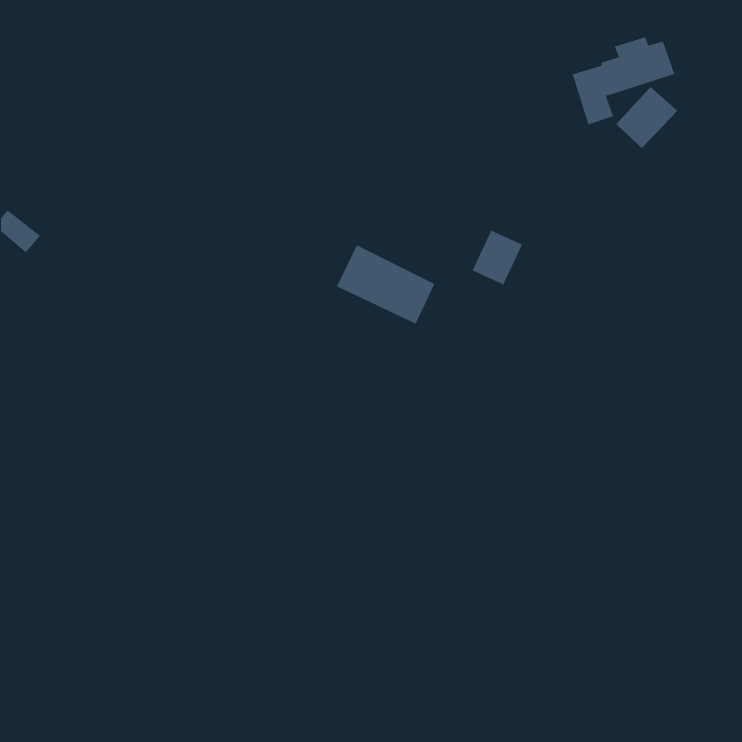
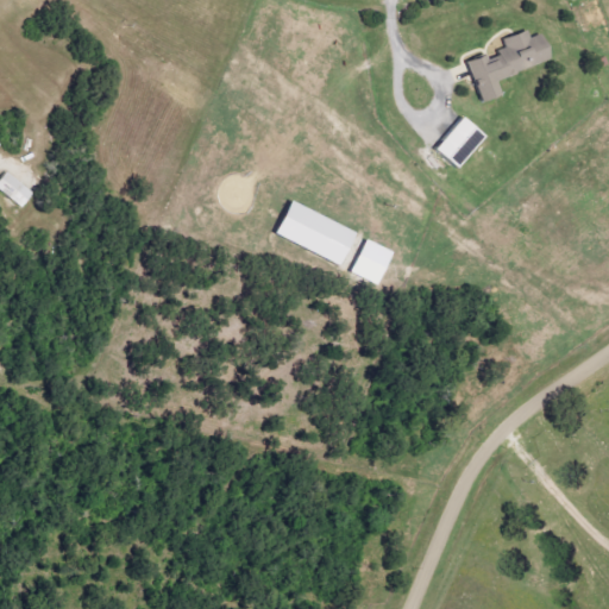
building: [615,86,678,149] -> [435,117,486,168]
building: [472,230,523,285] -> [352,239,394,284]

